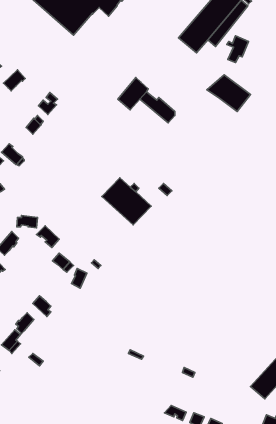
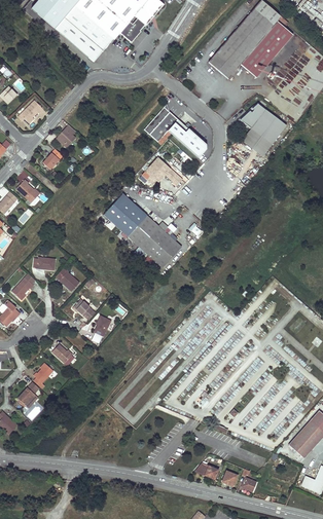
building: none -> [243,128,273,157]
building: none -> [141,157,182,185]
building: none -> [102,193,145,236]

